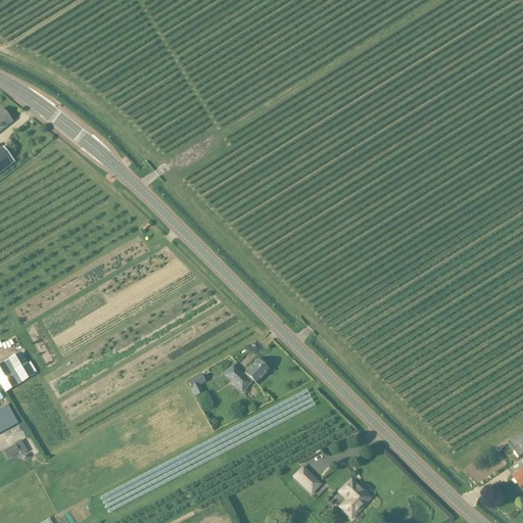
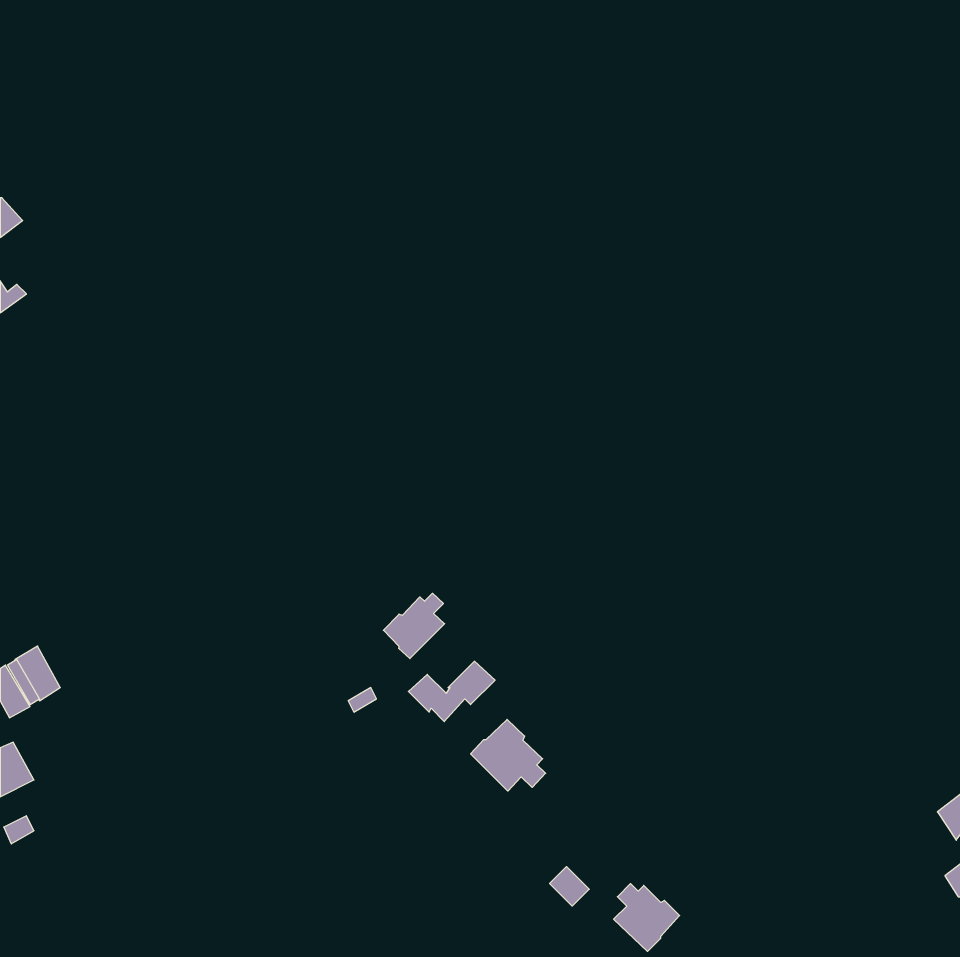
building: none -> [383,593,445,659]
building: none -> [471,719,546,791]

